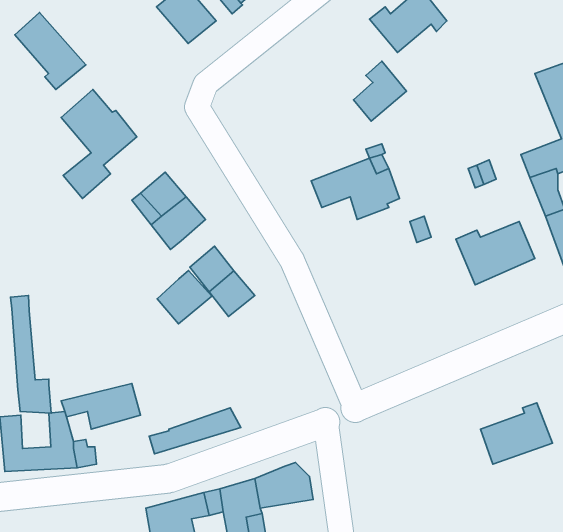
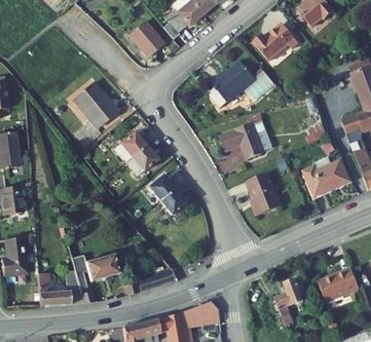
building: [15,13,86,89] -> none
building: none -> [210,62,255,109]
building: none -> [246,173,282,217]
building: [157,271,212,324] -> none
building: [10,296,51,413] -> none
building: none -> [274,278,304,326]

